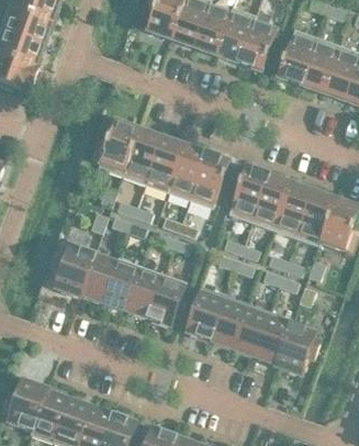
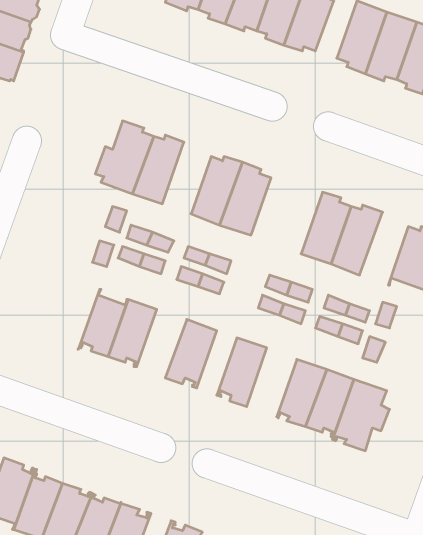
building: [145,137,182,192] -> none
building: [228,170,268,223] -> none
building: [296,191,334,247] -> none
building: [55,242,97,297] -> none
building: [125,266,164,319] -> none
building: [210,296,248,348] -> none

